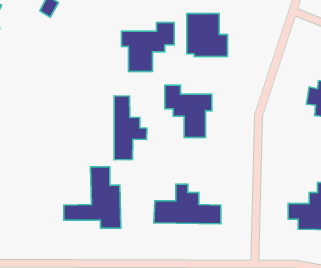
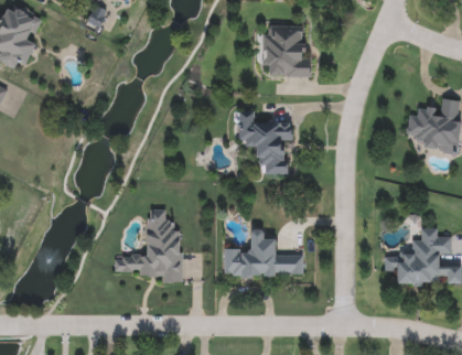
building: [121,22,174,72] -> none
building: [114,96,147,160] -> none

